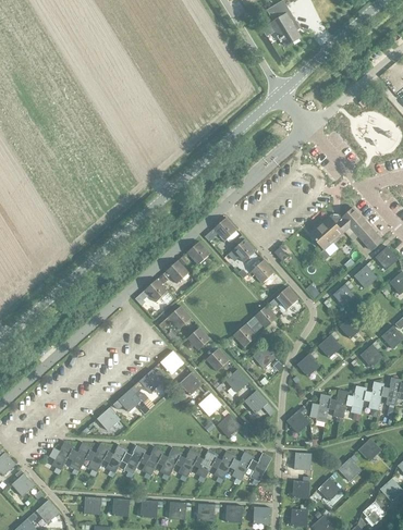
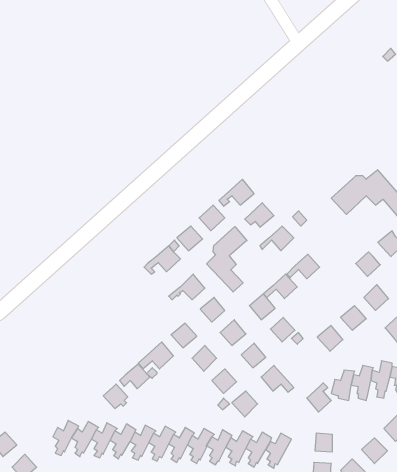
building: none -> [207,227,247,292]

